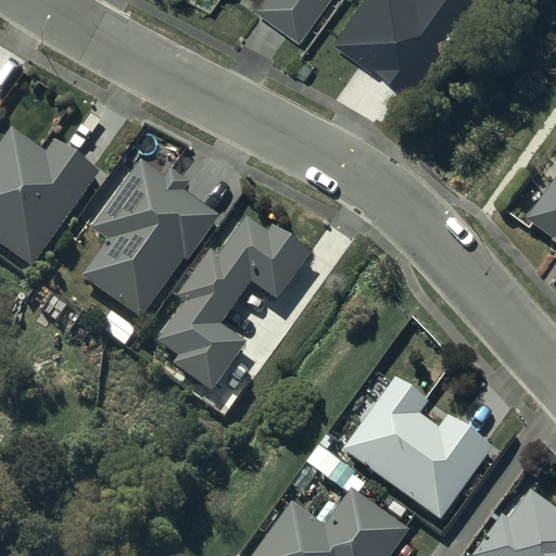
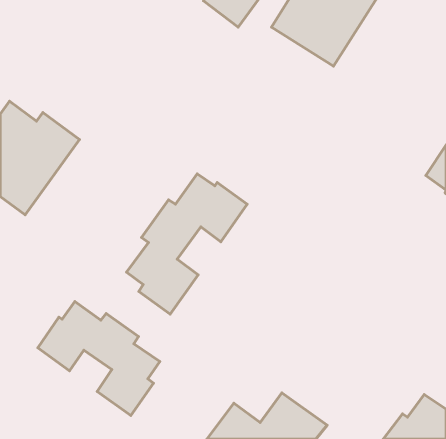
building: [83,160,218,317] -> none
building: none -> [38,302,160,415]
building: [341,377,492,520] -> none

